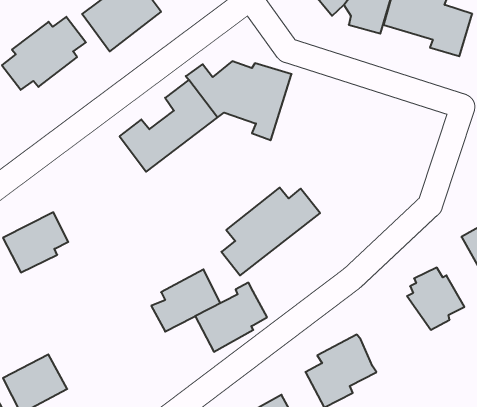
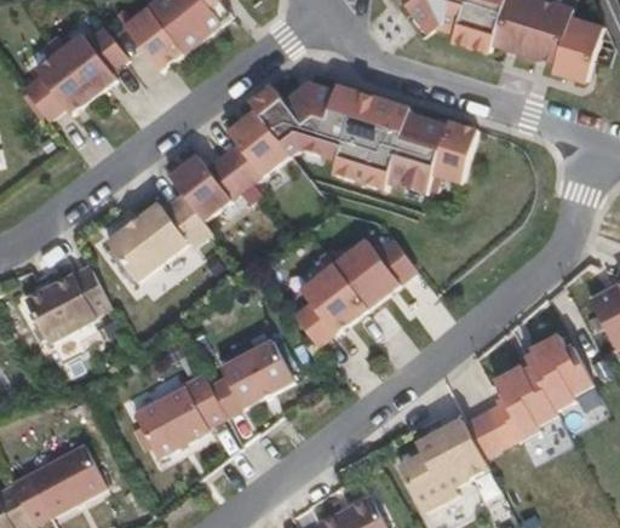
building: none -> [355,99,475,193]
building: none -> [104,193,212,283]
building: [195,283,267,352] -> [137,373,225,458]
building: none -> [465,368,553,458]

